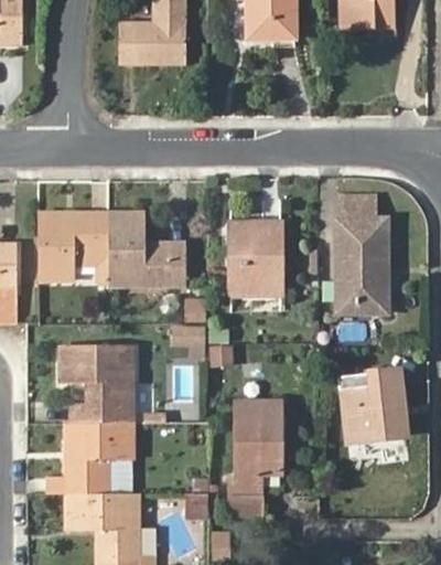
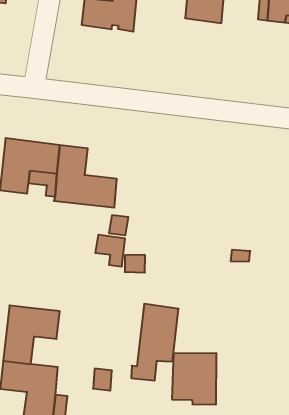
building: [341,201,384,308] -> none
building: [230,224,280,296] -> none
building: [60,347,131,424] -> none
building: [343,372,404,439] -> [172,353,217,404]

